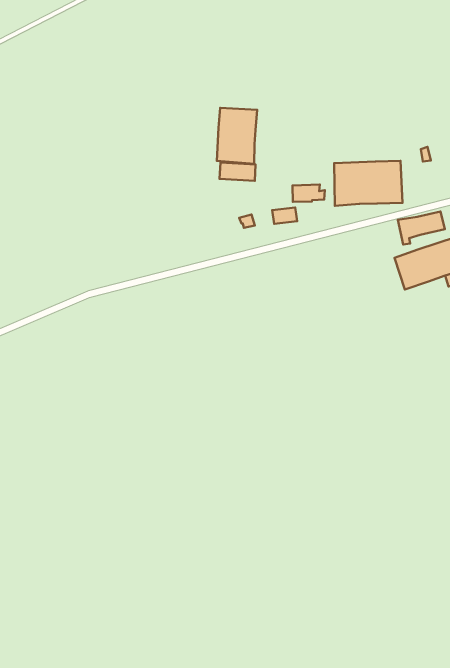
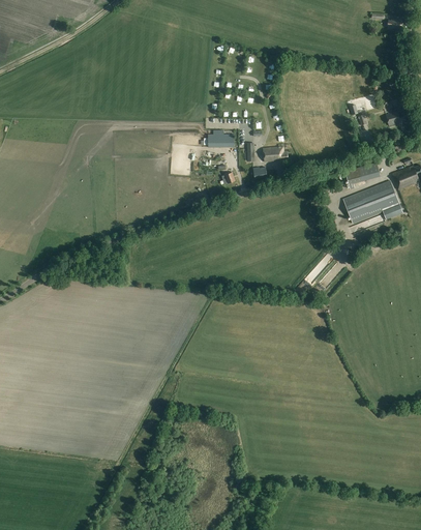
building: [217,108,257,164] -> none
building: [334,161,402,206] -> none

